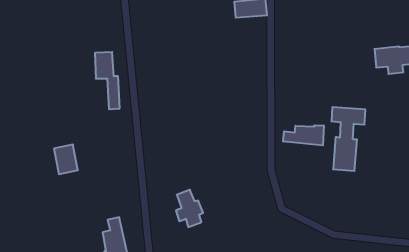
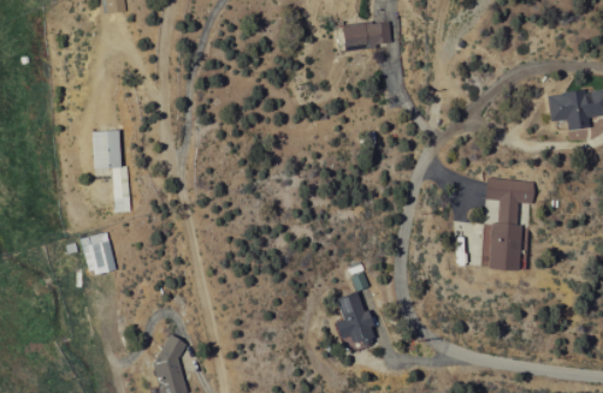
building: [95,52,120,109] -> [94,130,130,213]
building: [283,125,324,145] -> none
building: [176,190,203,227] -> [336,292,376,346]

